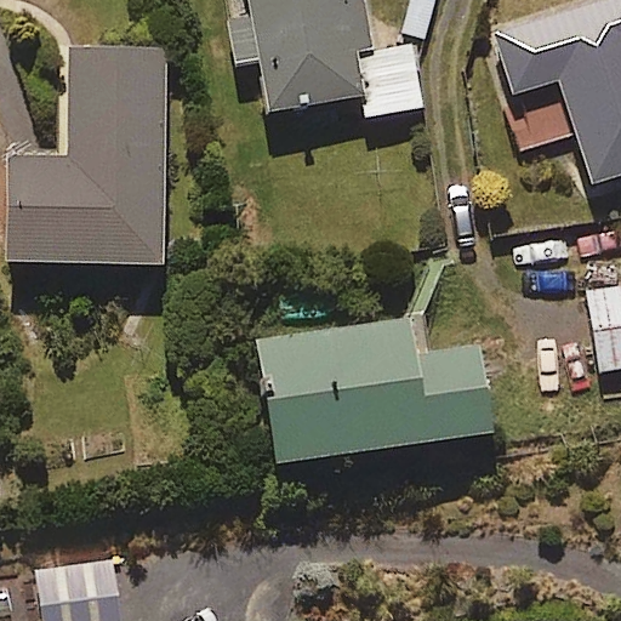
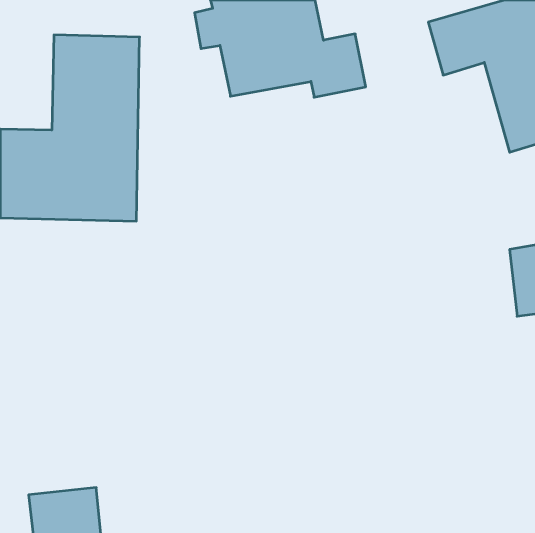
building: [256,318,490,460] -> none

